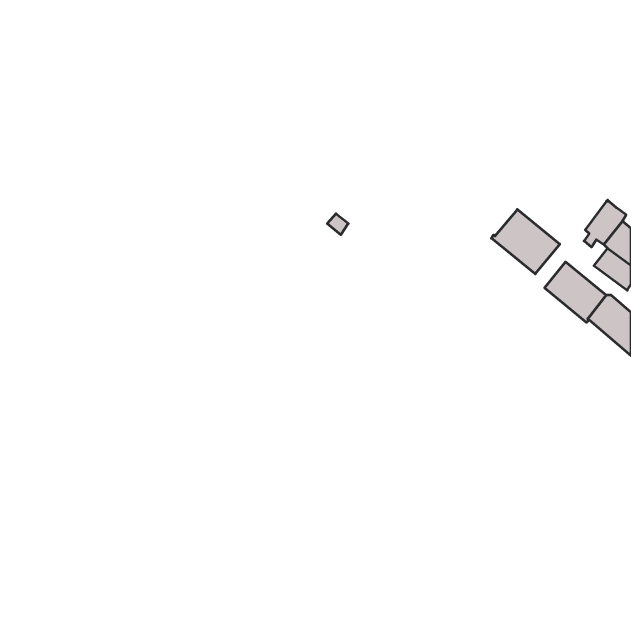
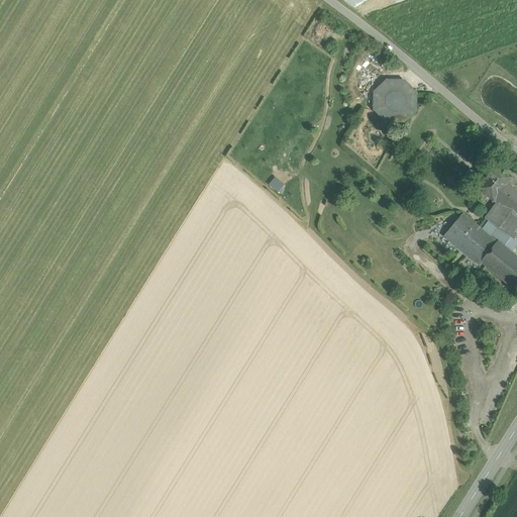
building: none -> [375,79,416,121]
building: [491,209,560,274] -> none

